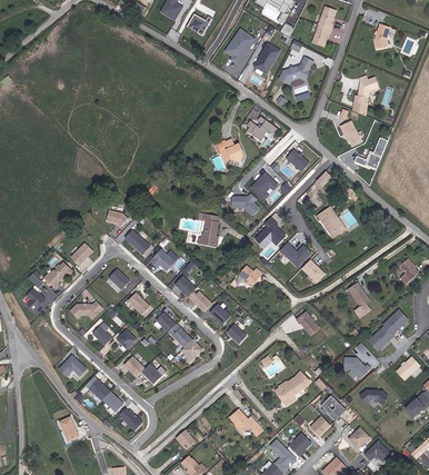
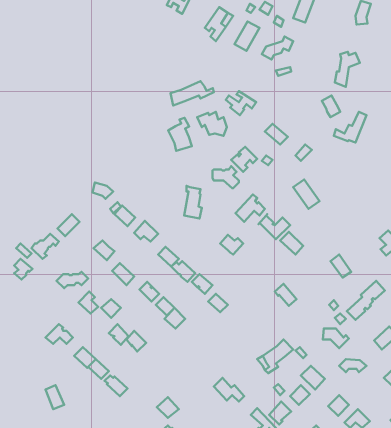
building: none -> [170,81,214,105]
building: none -> [168,118,192,151]

